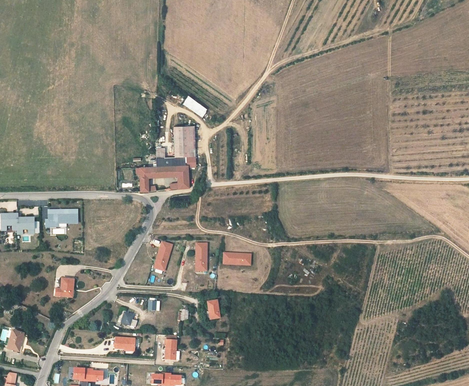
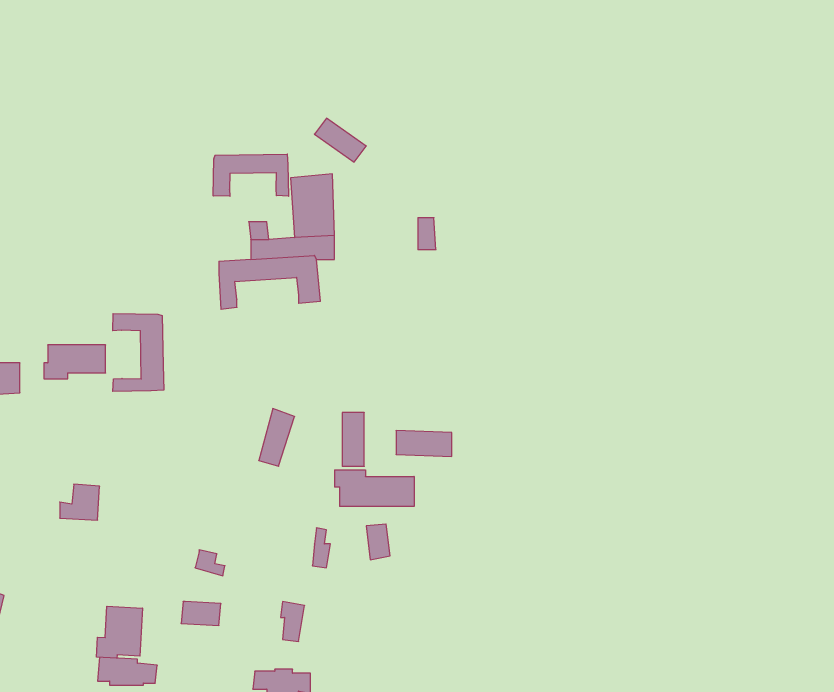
building: none -> [213,154,289,196]
building: none -> [113,314,164,391]
building: none -> [335,470,414,506]
building: none -> [97,606,142,658]

